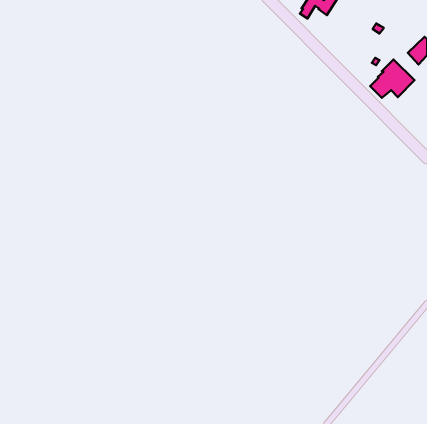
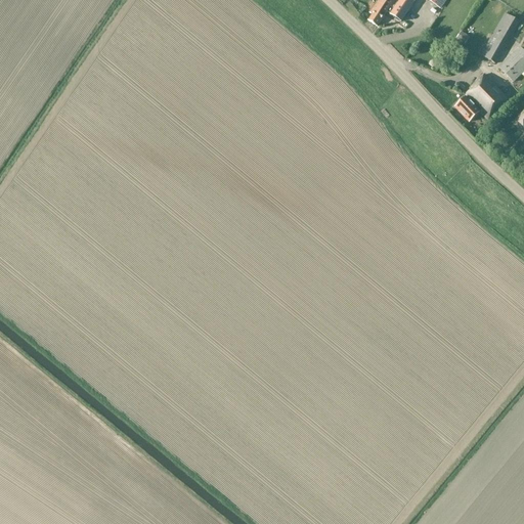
building: none -> [481,11,519,60]

